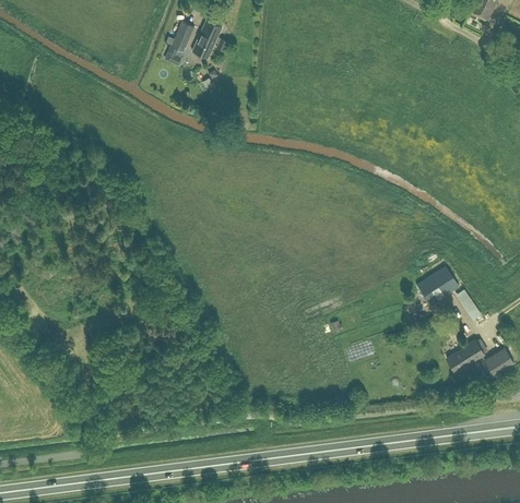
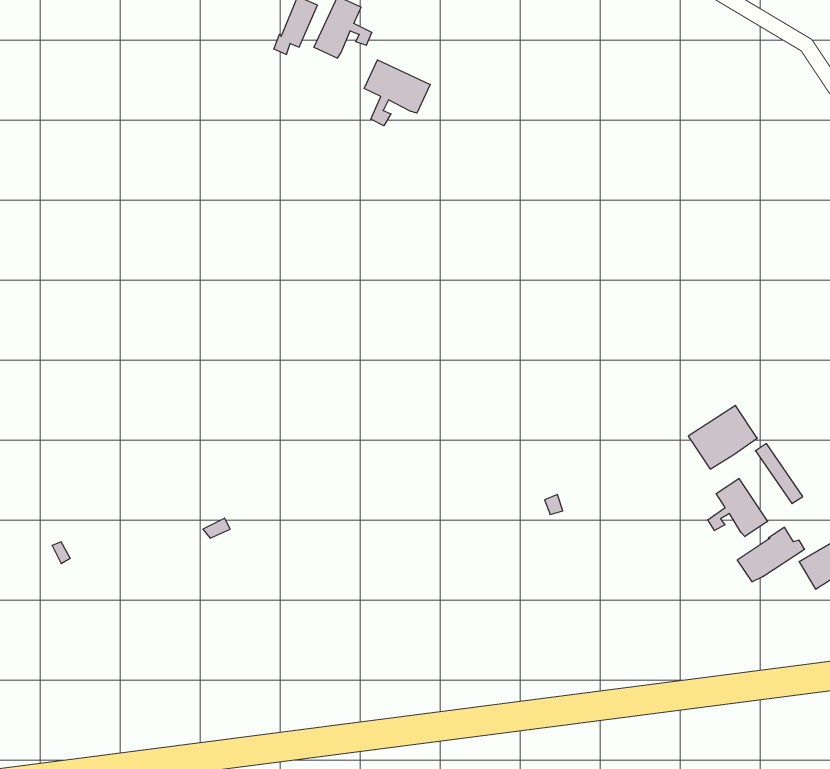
building: none -> [364,60,430,126]
building: none -> [708,478,768,537]

